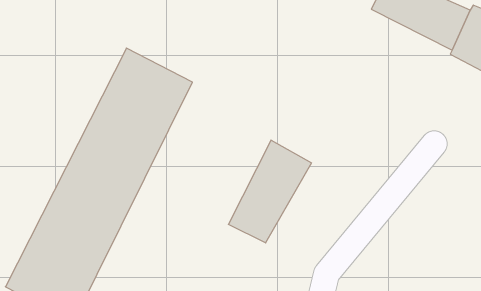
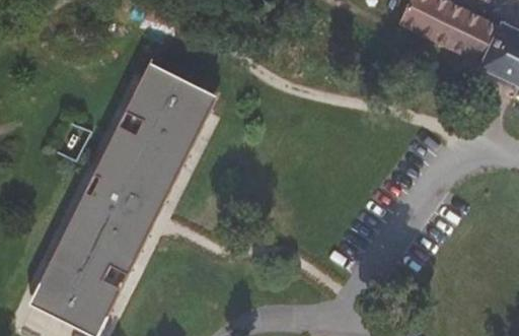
building: [228,140,311,243] -> none

